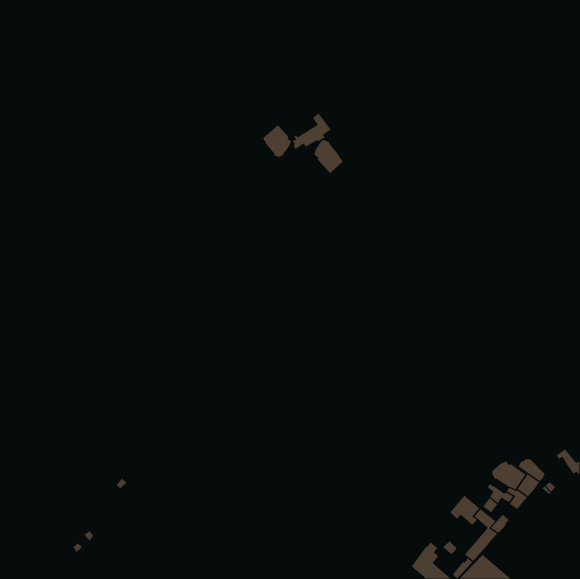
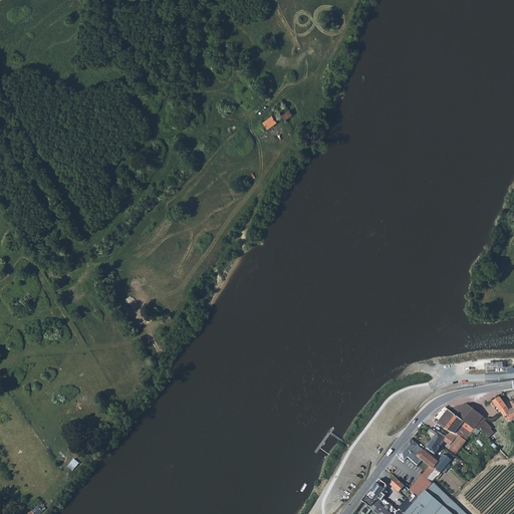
building: [262,125,292,157] -> none
building: [314,140,344,174] -> none

